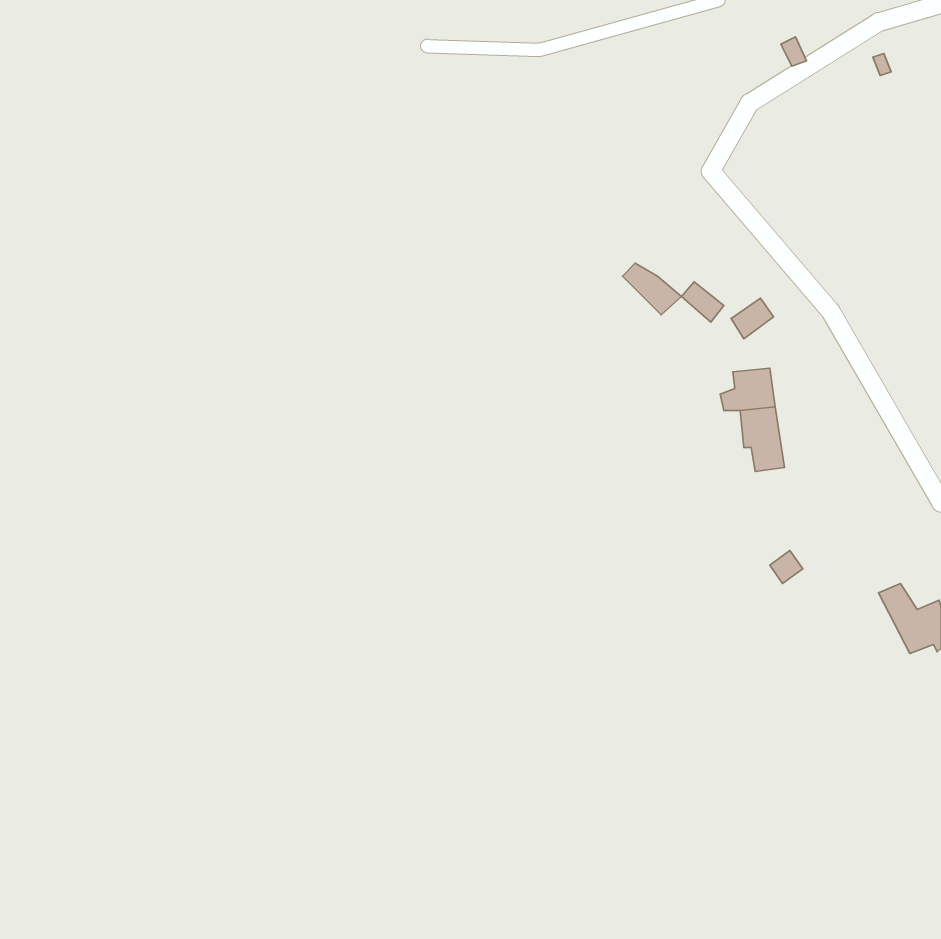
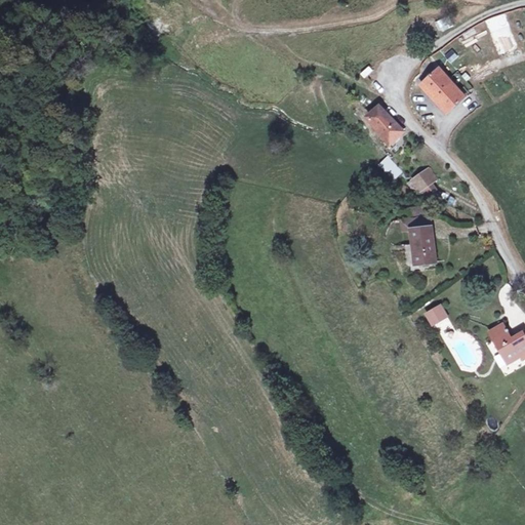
building: none -> [423,70,461,111]
building: [622,263,681,315] -> [369,112,402,140]

